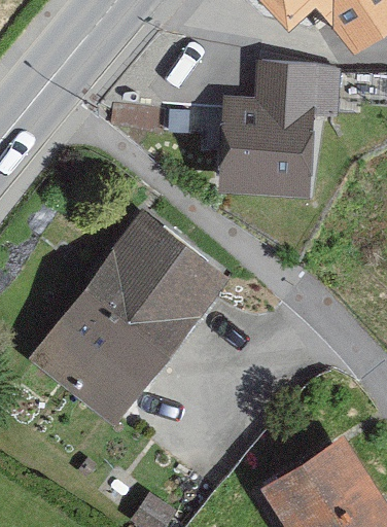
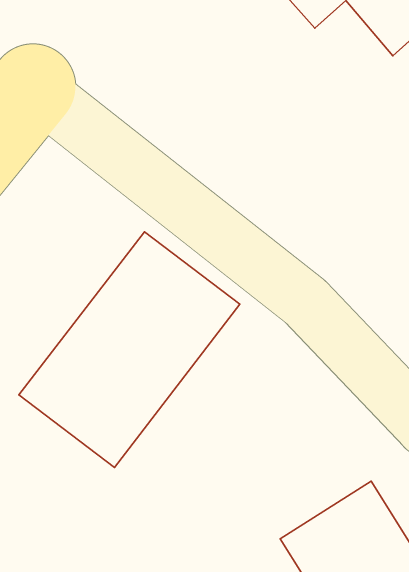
building: [224,68,341,199] -> none

